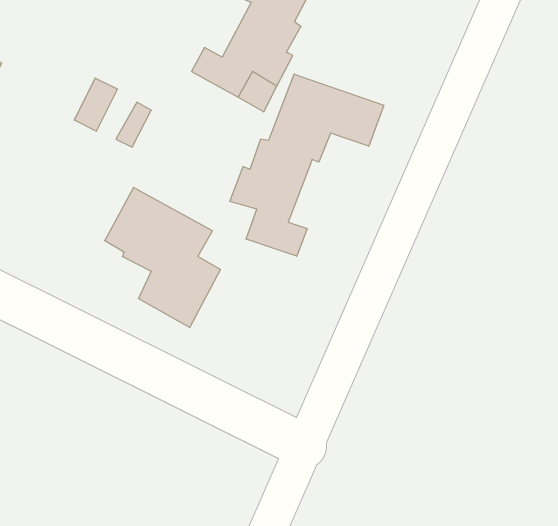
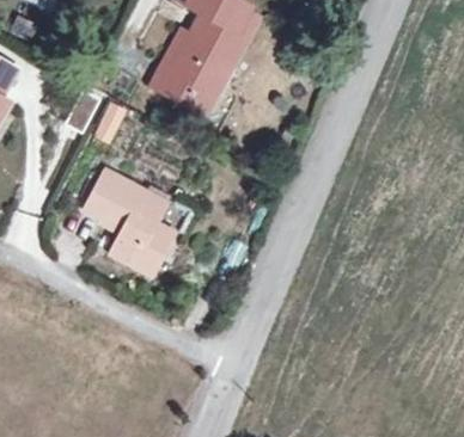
building: [230,74,384,256] -> none

